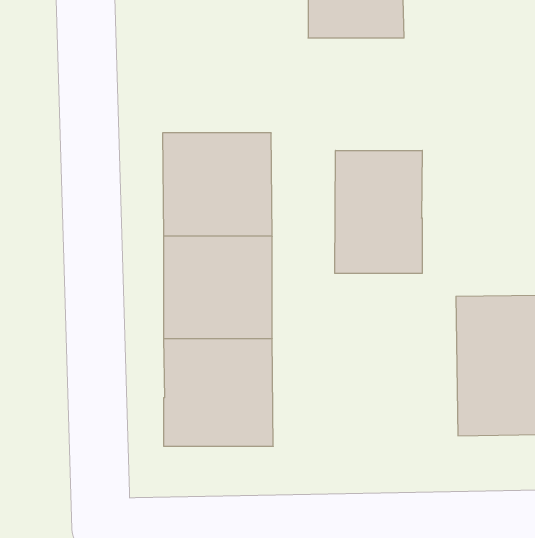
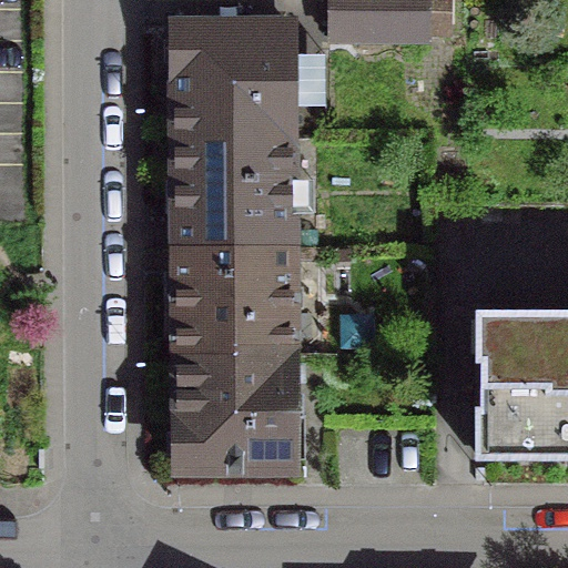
building: none -> [173,27,290,140]
building: [335,150,422,273] -> none

